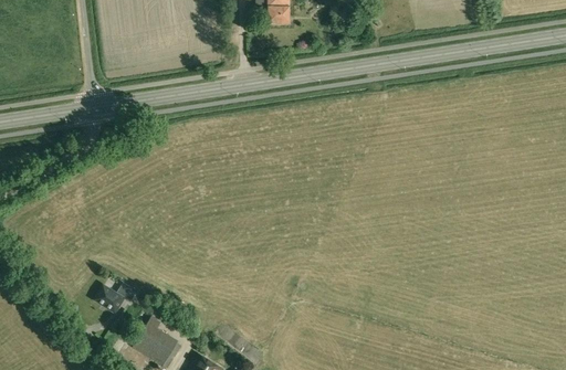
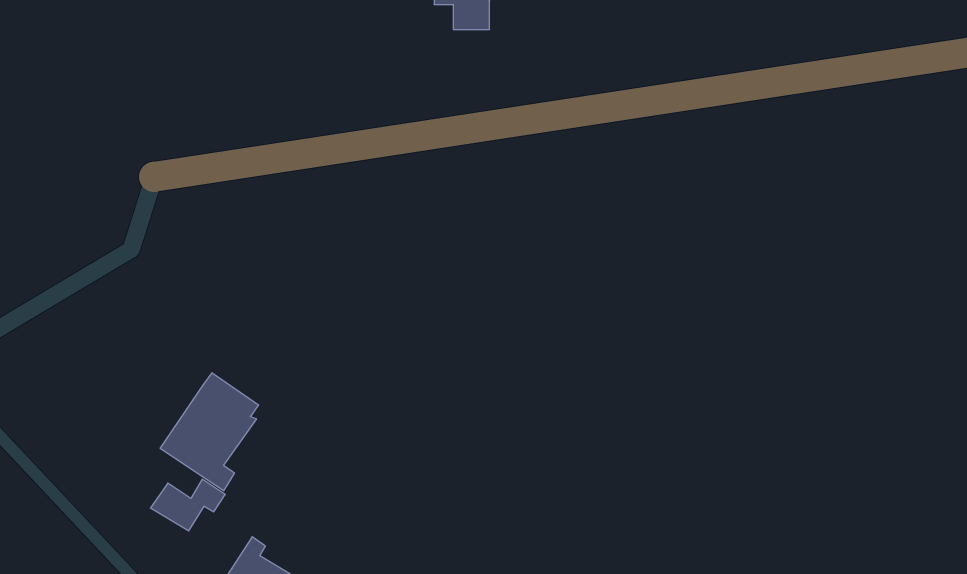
building: none -> [160,373,259,491]

